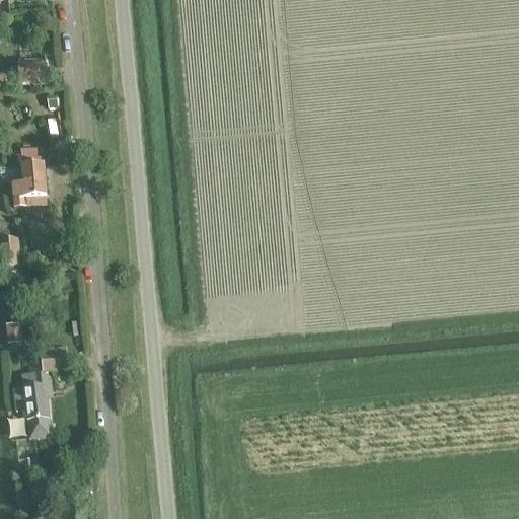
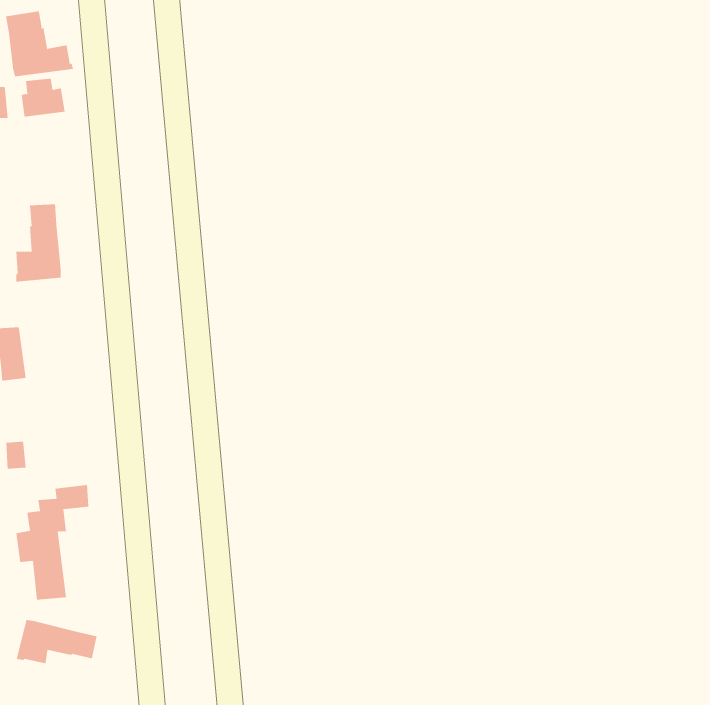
building: none -> [6,11,74,77]
building: none -> [16,619,97,664]

